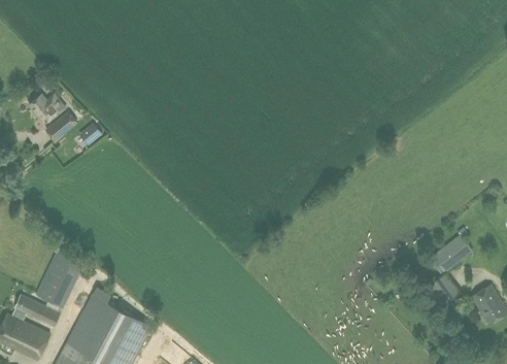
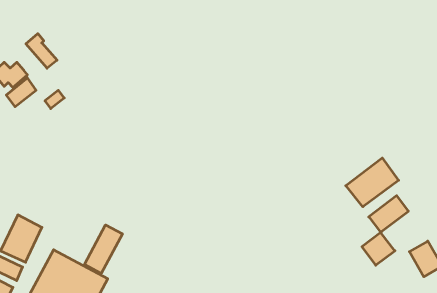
building: none -> [26,34,57,68]
building: none -> [346,158,399,207]
building: none -> [84,225,122,273]

